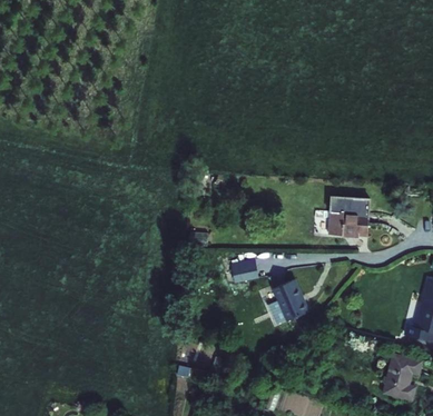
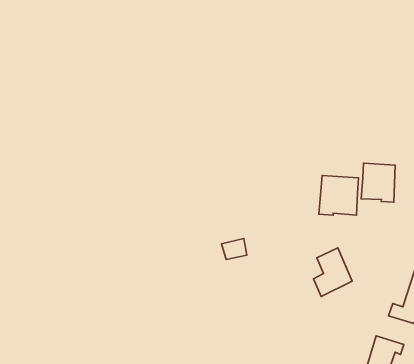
building: none -> [361,163,395,202]
building: [272,278,311,327] -> [314,248,352,297]

